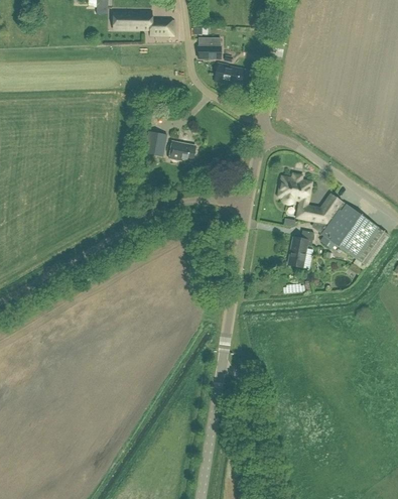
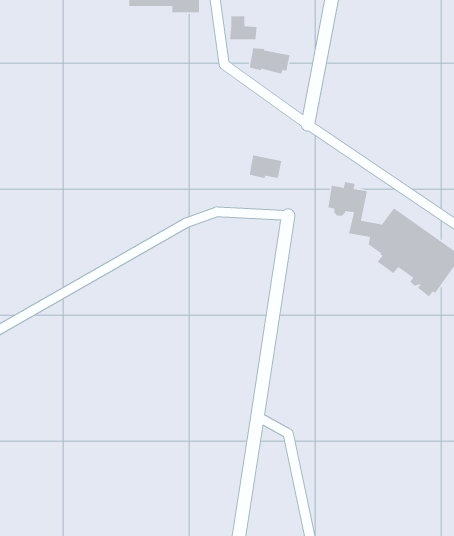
building: [144,129,167,155] -> none
building: [168,139,195,159] -> [249,154,282,179]
building: [287,229,313,267] -> none

